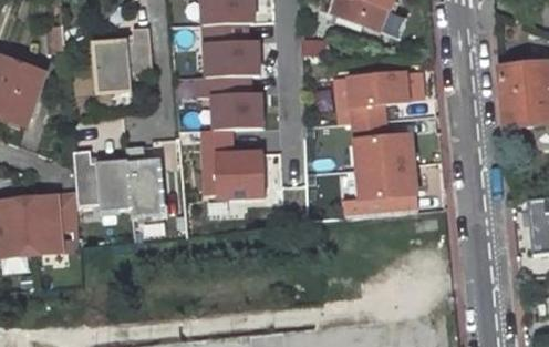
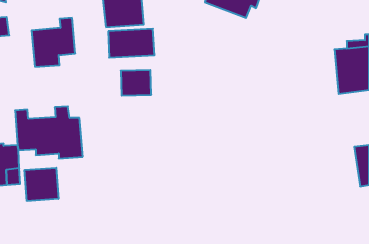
building: [349,71,418,215] -> none
building: [215,153,260,200] -> none
building: none -> [25,168,58,201]

